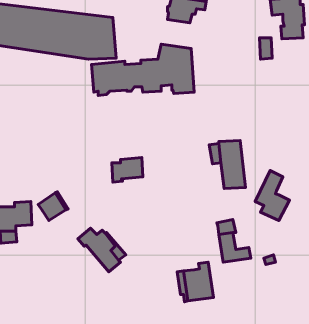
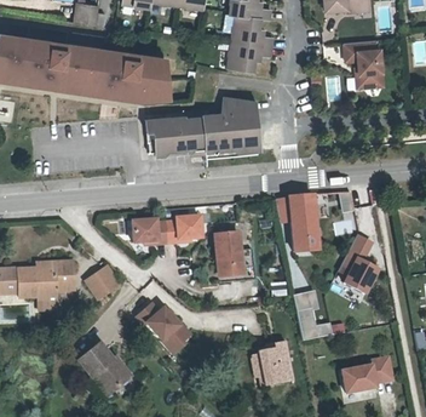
building: none -> [131,221,167,245]
building: none -> [215,236,242,278]
building: none -> [85,348,137,399]
building: none -> [332,355,382,390]

